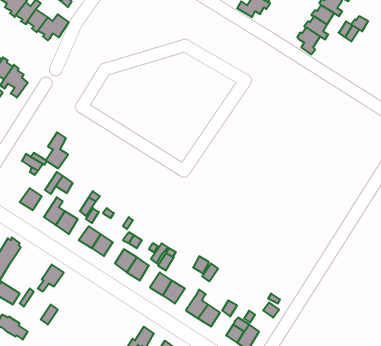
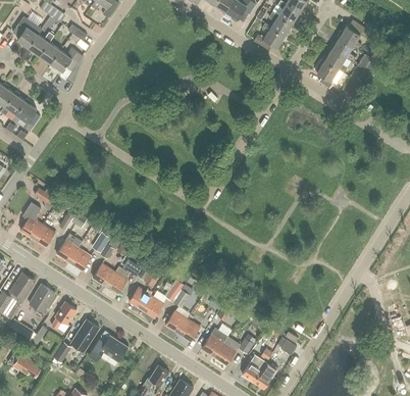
building: [46,132,68,168] -> [19,201,42,238]
building: none -> [28,284,55,313]
building: none -> [70,318,98,351]
building: none -> [89,335,127,361]

